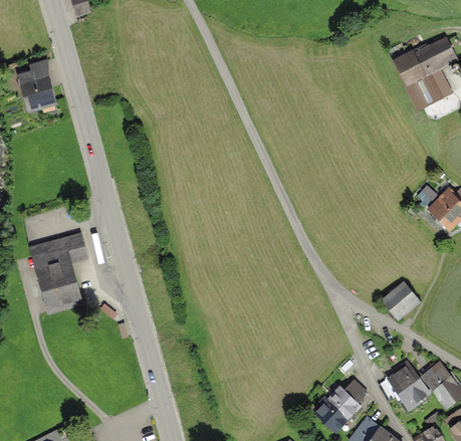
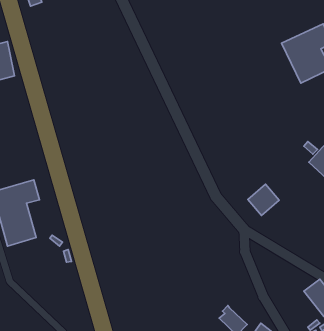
building: [382,282,421,321] -> [248,184,279,216]
building: [381,357,430,409] -> none
building: [327,377,368,416] -> none

